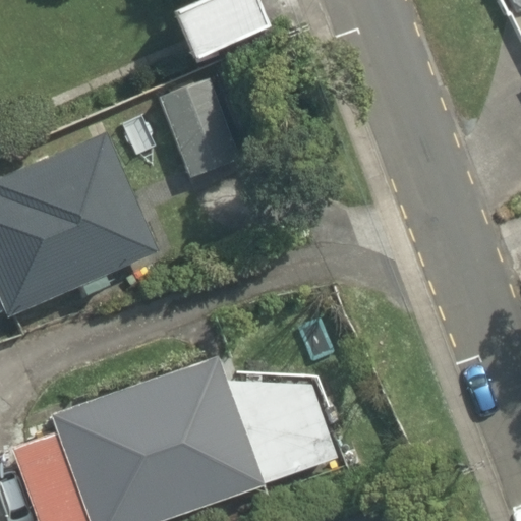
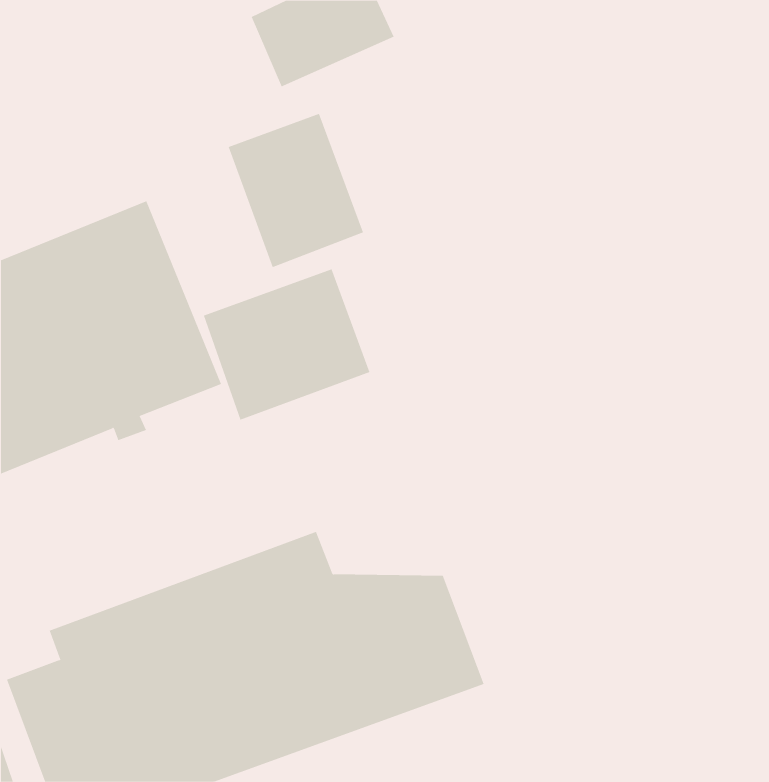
building: none -> [203,268,370,420]

